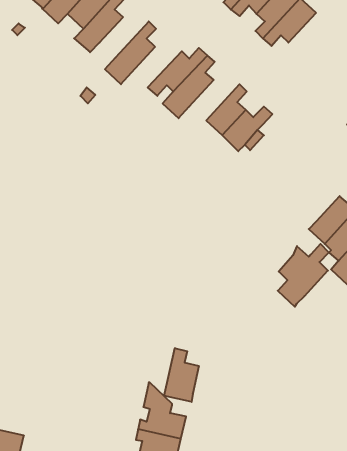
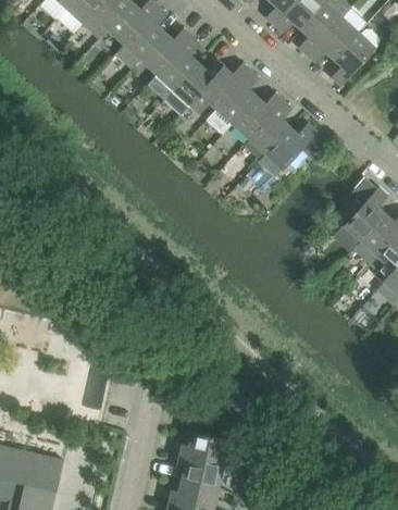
building: none -> [332,27,380,85]
building: none -> [140,29,190,74]
building: none -> [162,60,224,116]
building: none -> [232,95,283,138]
building: [278,244,329,307] -> [334,188,386,252]
building: [164,348,199,402] -> none

